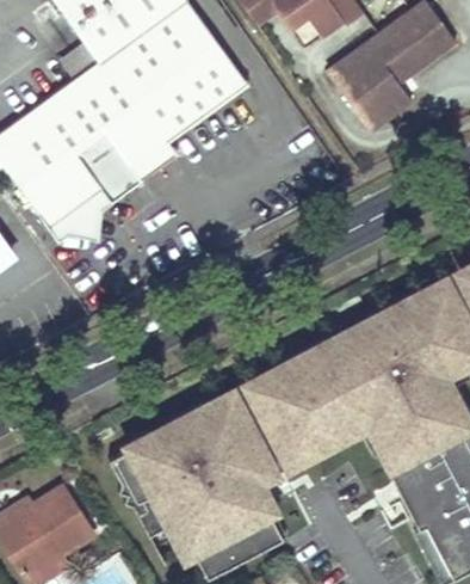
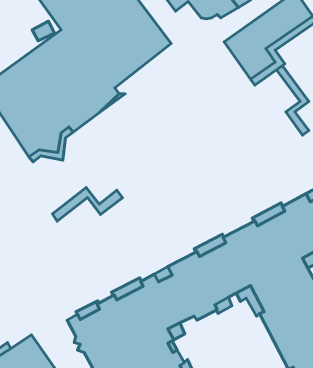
building: none -> [276,66,309,135]
building: none -> [52,187,123,221]

